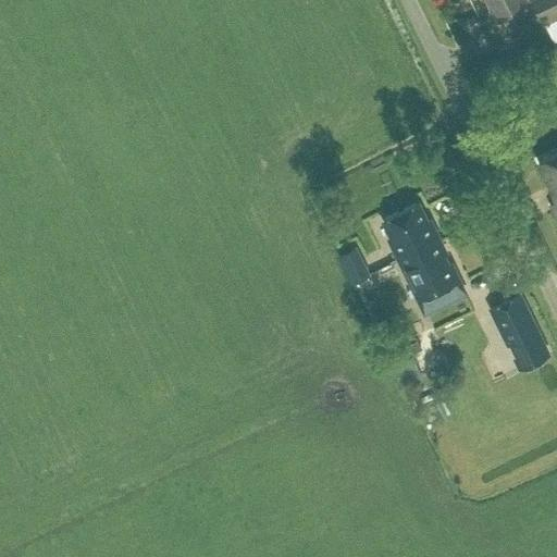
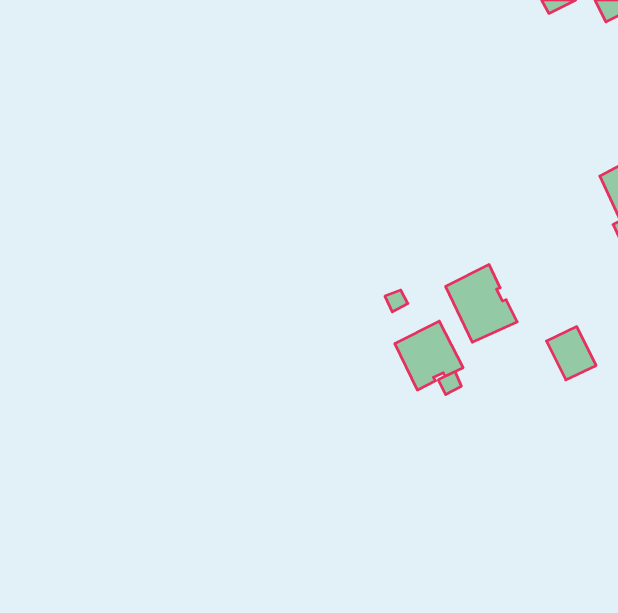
building: [385,207,441,263] -> none
building: none -> [395,321,463,390]

